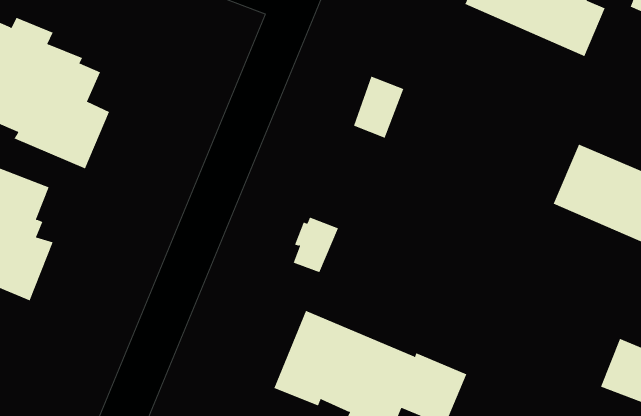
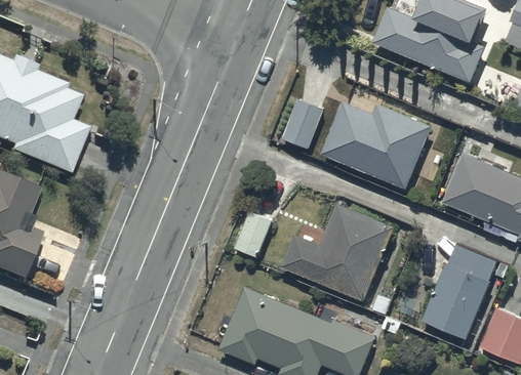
building: none -> [320,100,430,189]
building: none -> [281,203,394,300]
building: none -> [422,245,509,338]

